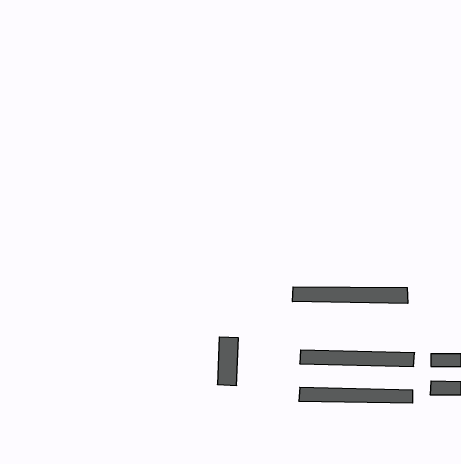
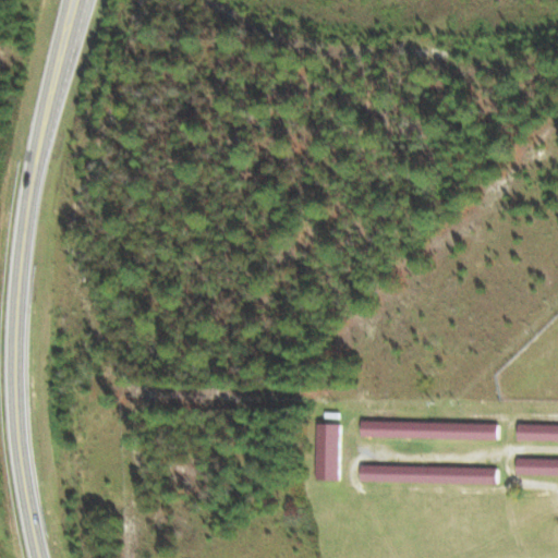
building: [293,287,408,303] -> none
building: [217,337,238,385] -> [315,423,340,481]

